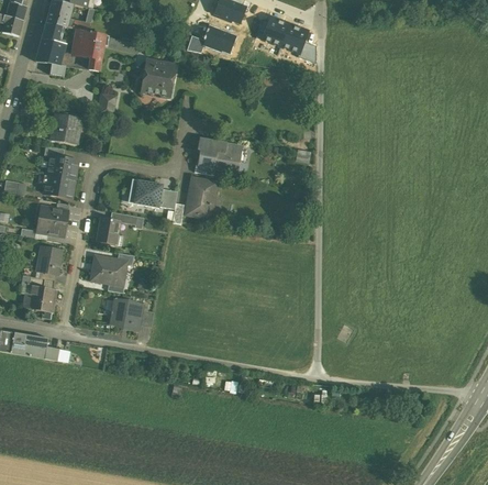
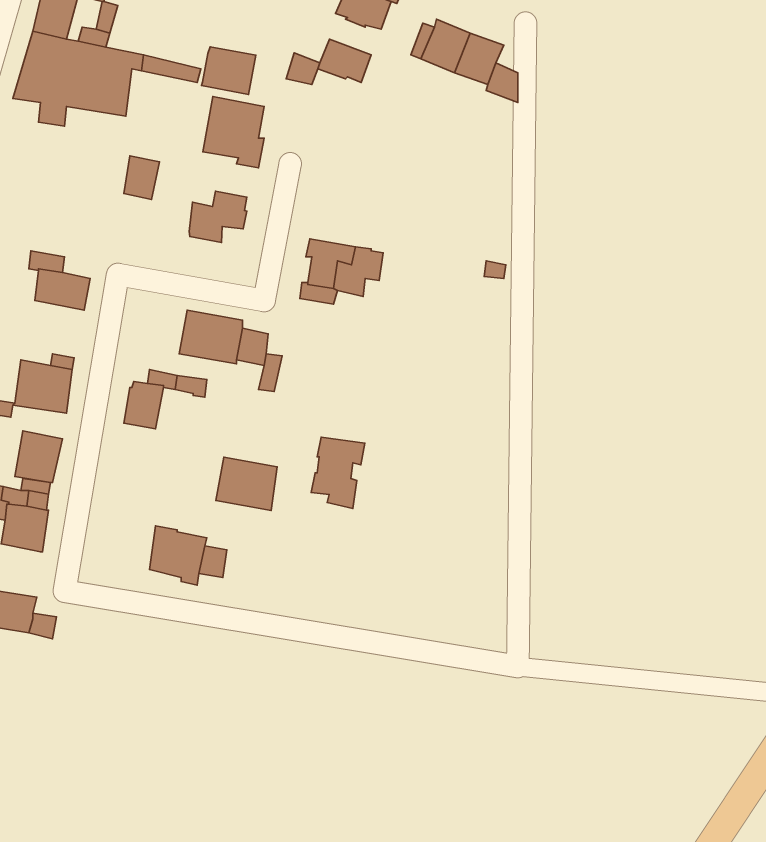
building: none -> [201,47,256,95]
building: none -> [189,191,247,243]
building: [53,113,81,144] -> none
building: [43,173,75,198] -> none
building: [187,178,217,218] -> [311,437,365,508]
building: [90,255,124,285] -> [216,457,277,510]

